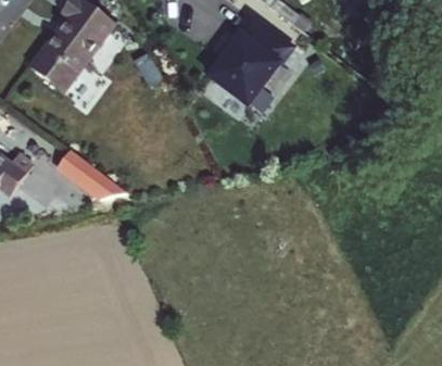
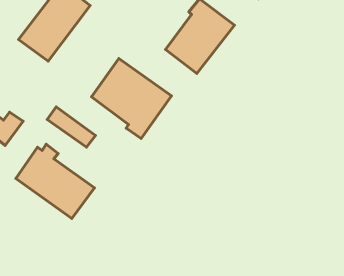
building: none -> [92,59,172,139]
building: none -> [16,144,95,219]

